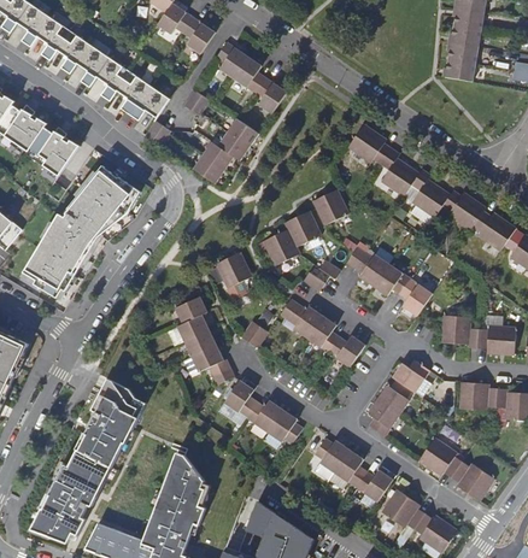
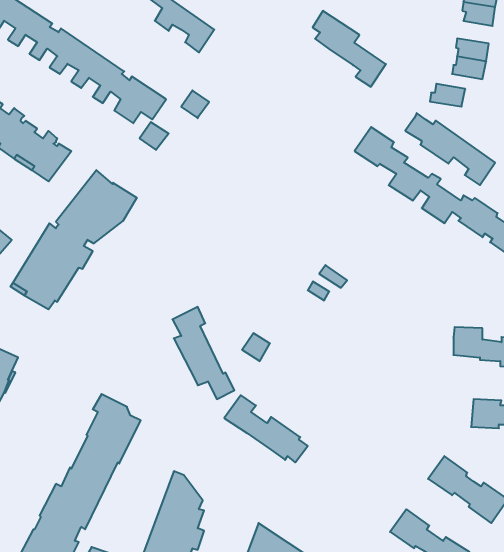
building: [445,23,479,45] -> [430,84,465,107]
building: [216,41,286,113] -> [313,11,386,87]
building: [192,118,257,183] -> none
building: [312,190,346,224] -> none
building: [263,212,319,266] -> none
building: [345,246,430,315] -> [405,113,495,185]
building: [216,253,251,288] -> none
building: [278,298,364,366] -> none
building: [366,359,428,435] -> none
building: [313,437,392,501] -> none

